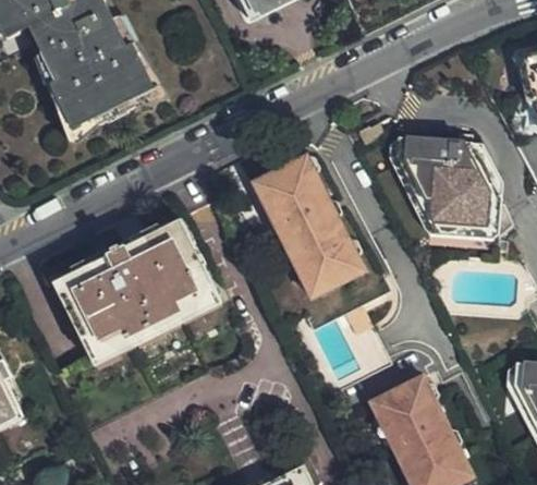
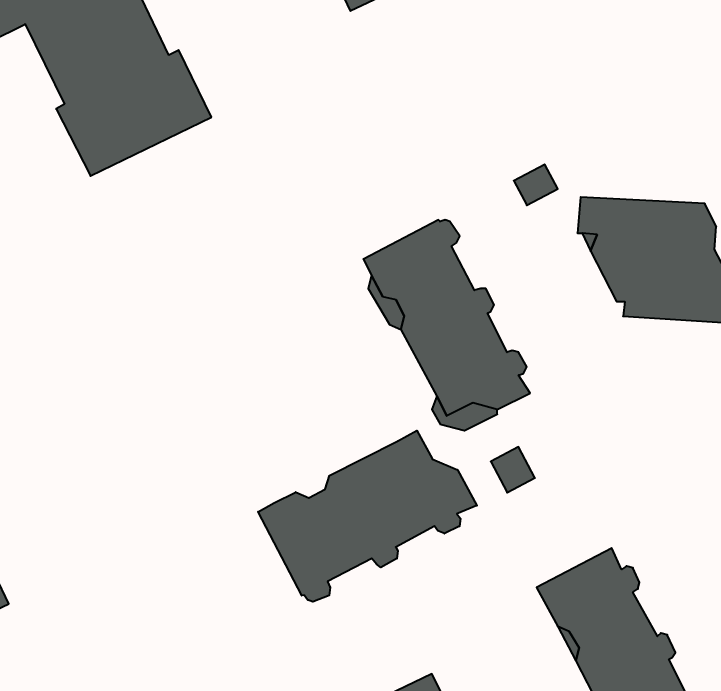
building: [49,215,217,357] -> none
building: none -> [258,431,477,602]

